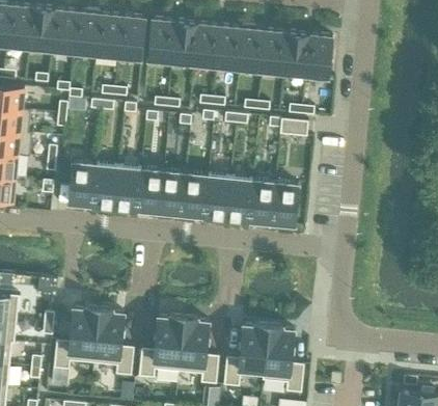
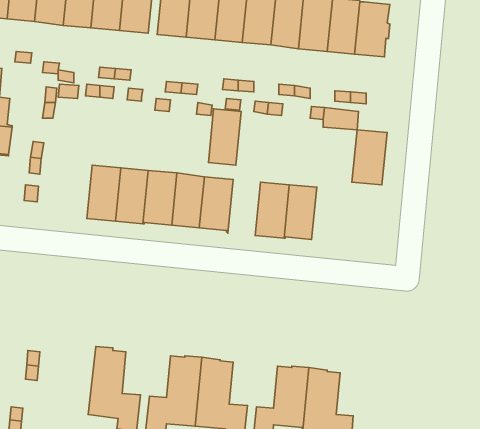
building: [69,162,95,207] -> none
building: [203,175,229,220] -> [208,109,241,165]
building: [270,182,298,225] -> [352,130,387,185]
building: [53,307,99,370] -> none

